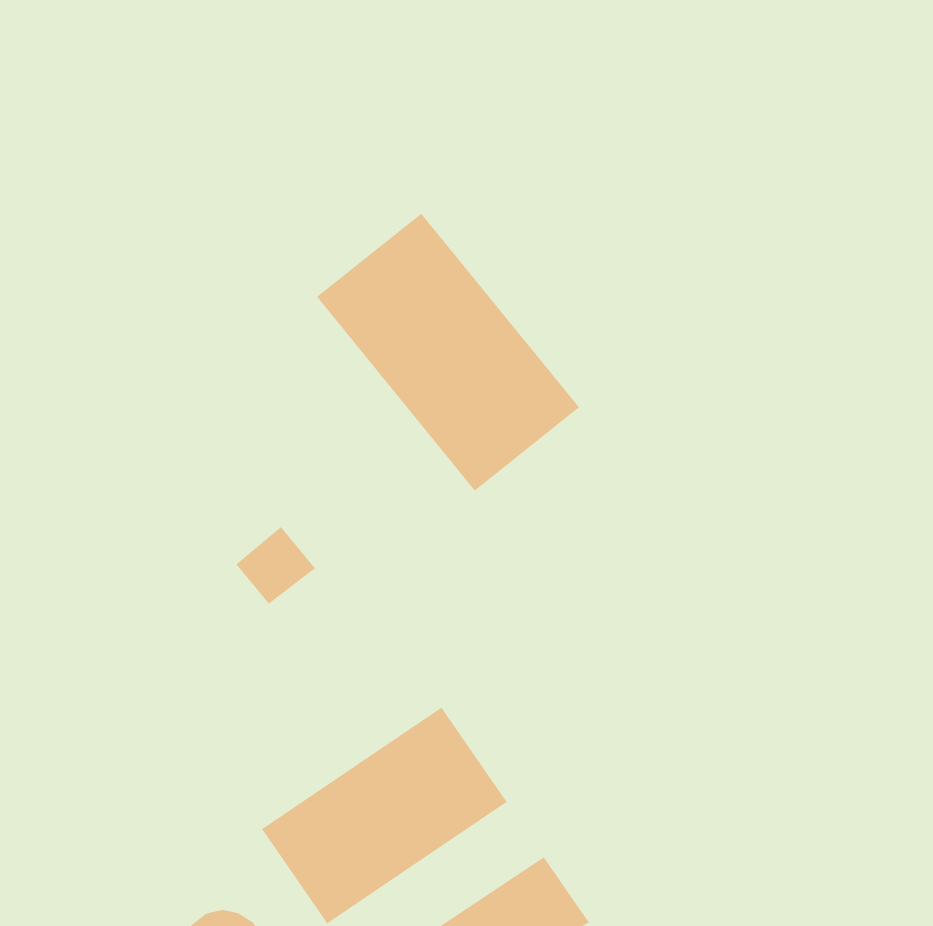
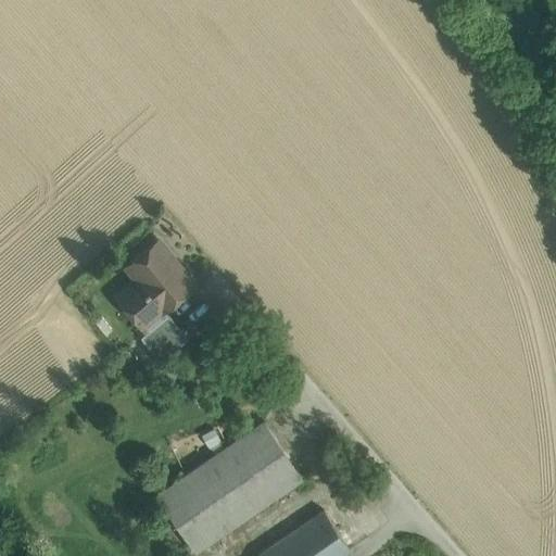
building: [316,213,580,491] -> none
building: none -> [117,244,192,328]

